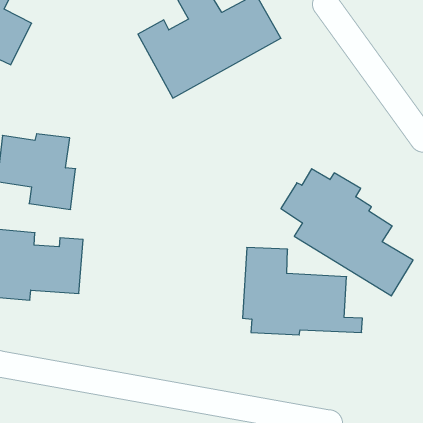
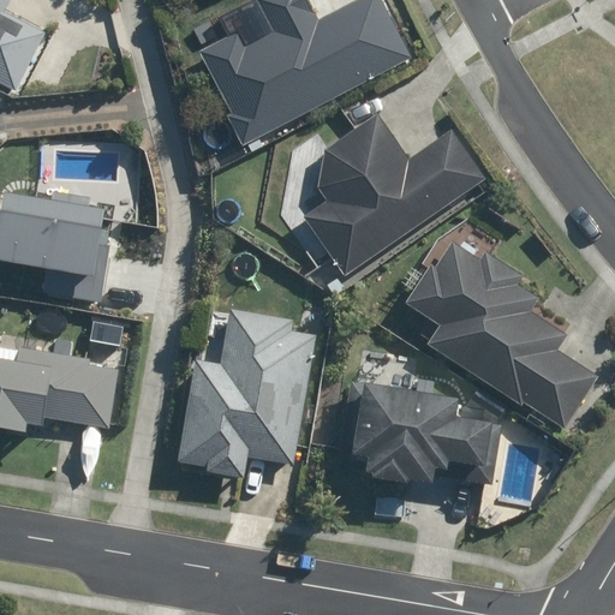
building: none -> [301,113,482,275]
building: none -> [174,308,317,479]

